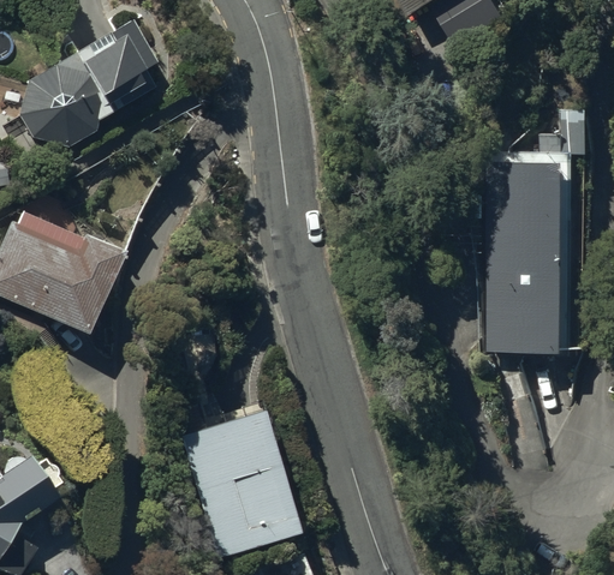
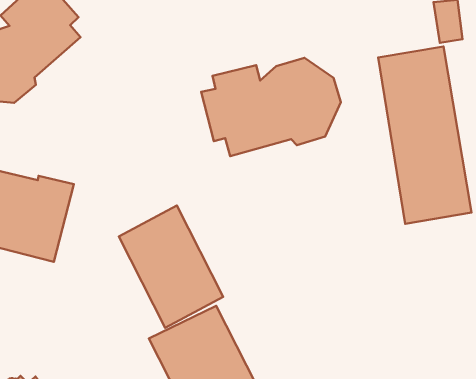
building: none -> [201,58,341,156]
building: none -> [119,206,223,328]

